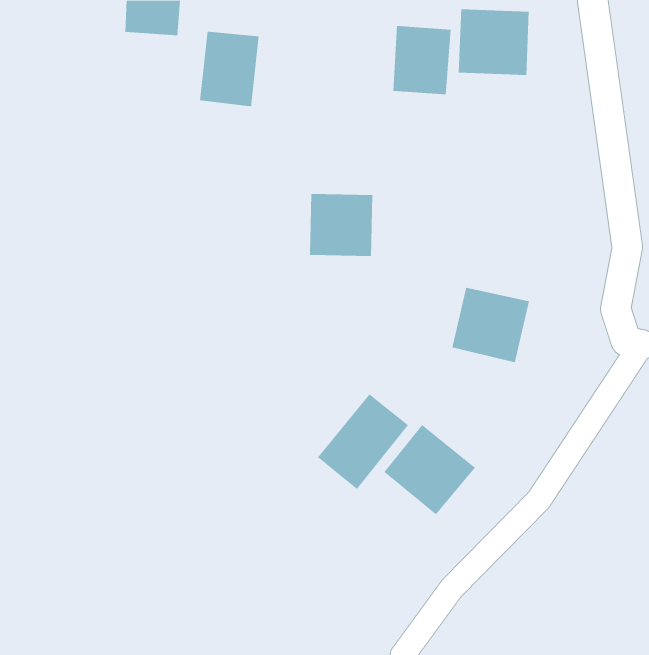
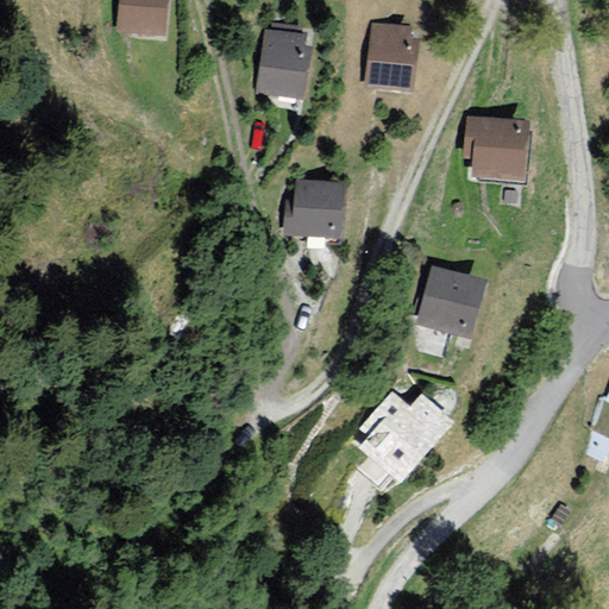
building: [458,9,530,76] -> [464,117,530,178]
building: [199,31,259,107] -> [256,25,312,95]
building: [317,394,409,490] -> none

